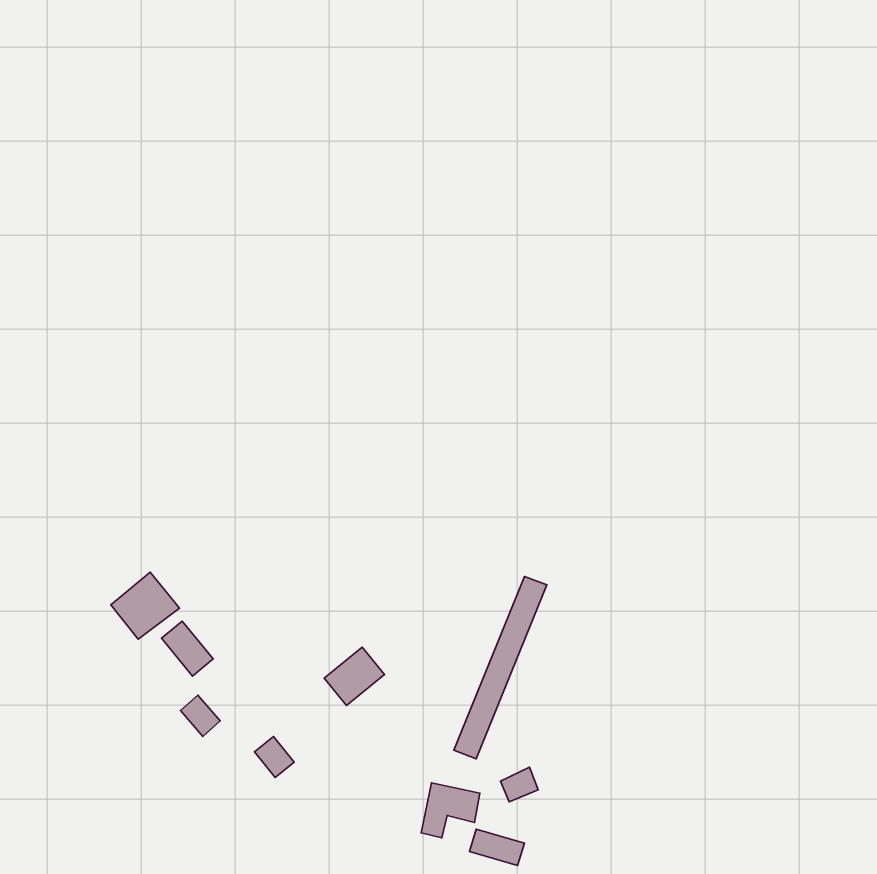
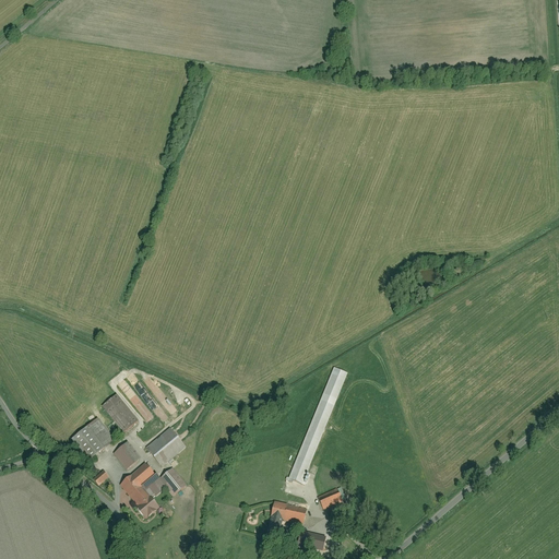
building: [111,572,179,639] -> [71,417,115,460]
building: [324,647,384,706] -> [146,427,185,464]
building: none -> [119,462,164,514]

